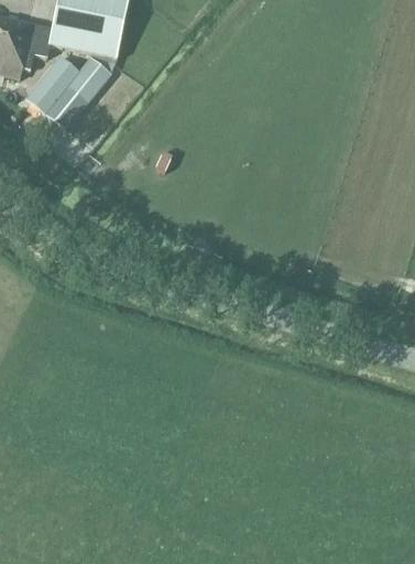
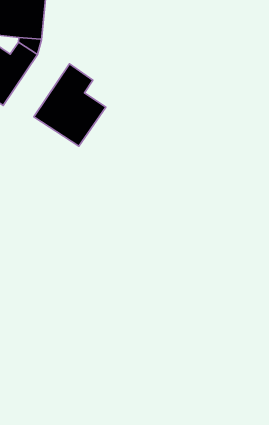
building: none -> [34,64,106,146]

